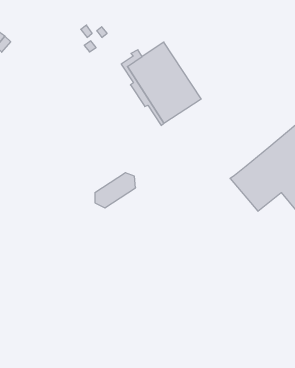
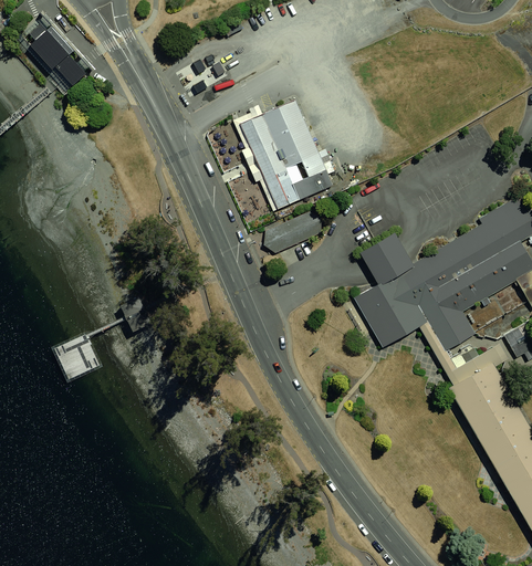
building: none -> [361,233,413,284]
building: [95,173,136,208] -> [263,211,322,253]

